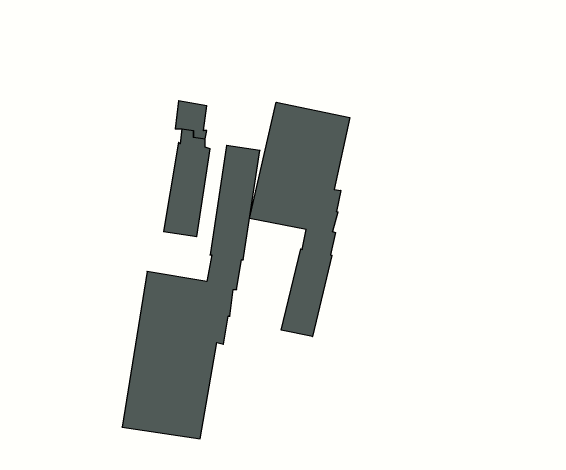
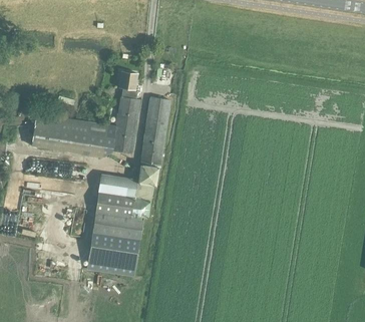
building: [250,102,350,337] -> none
building: none -> [32,113,109,156]

